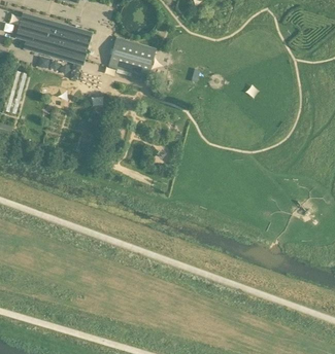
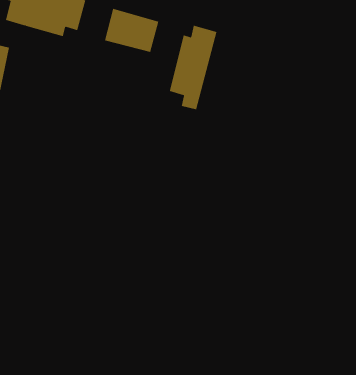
building: none -> [169,25,217,110]

